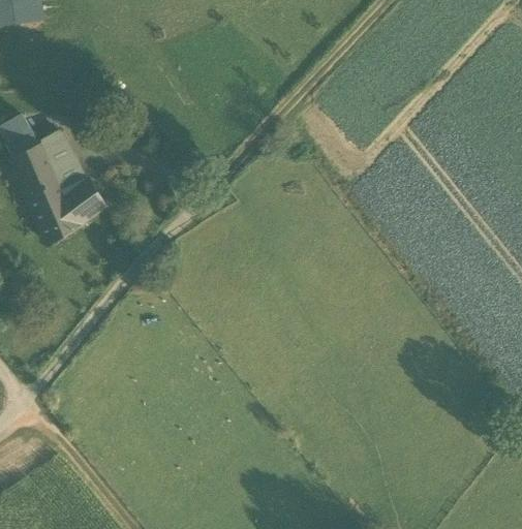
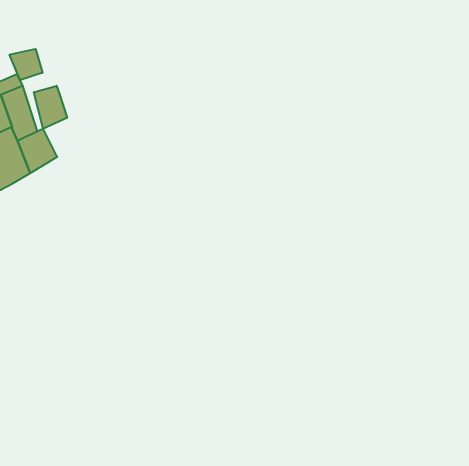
building: none -> [10,49,42,80]
building: none -> [34,86,67,129]

